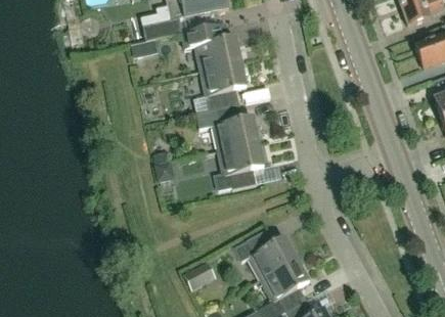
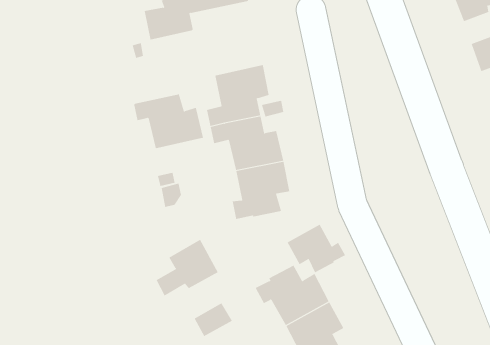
building: [183,24,242,70] -> [133,94,204,149]
building: none -> [287,224,346,273]
building: none -> [156,239,219,297]

